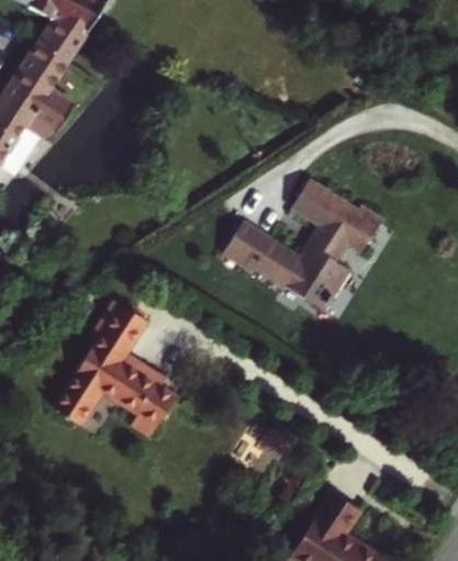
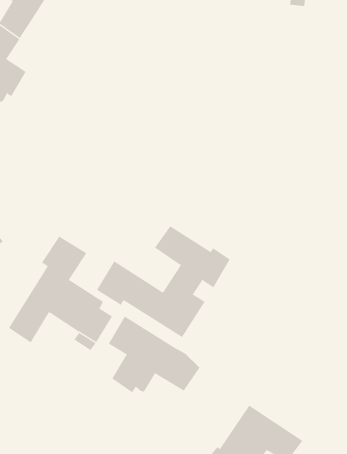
building: [220,178,380,312] -> [96,226,230,338]
building: none -> [108,316,200,393]

